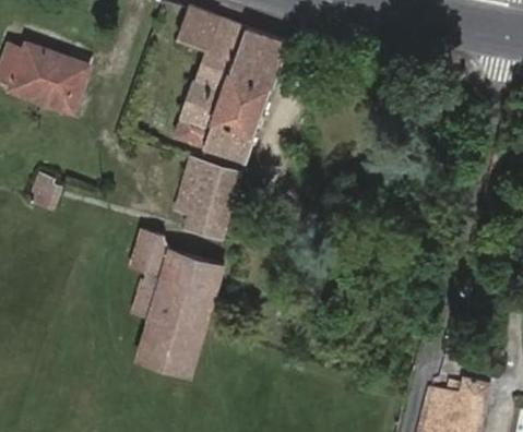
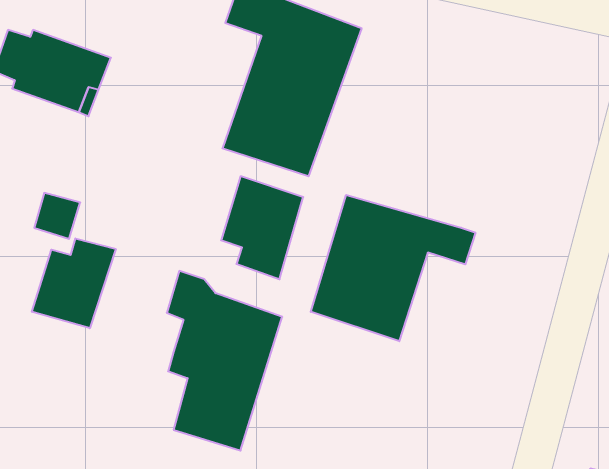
building: none -> [311,195,475,341]
building: none -> [32,238,116,328]

